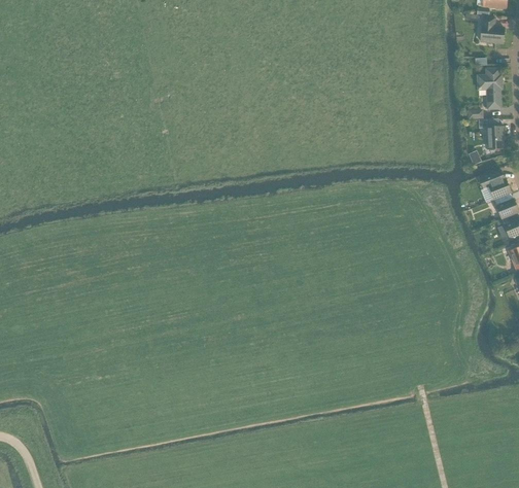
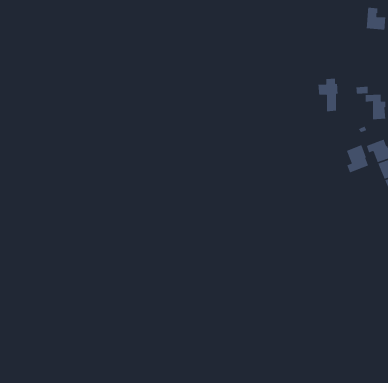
building: [477,69,501,109] -> [318,78,339,112]
building: none -> [346,144,369,173]

